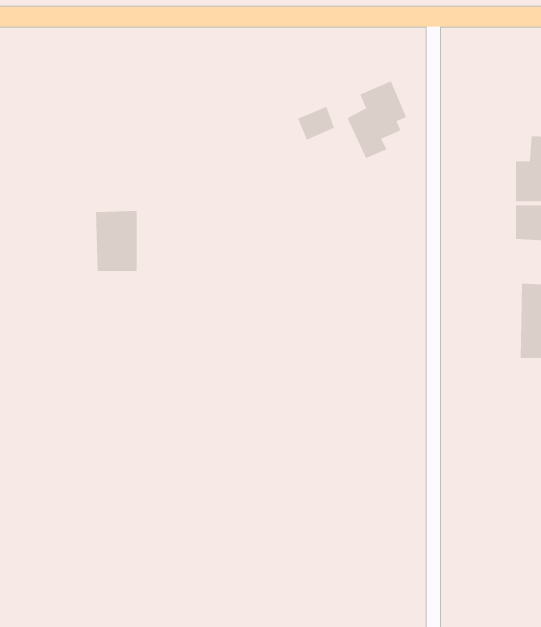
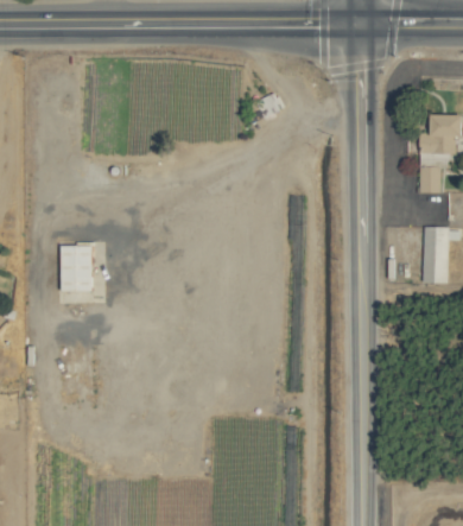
building: [347,81,407,159] -> none
building: [95,210,138,272] -> [59,245,91,291]

